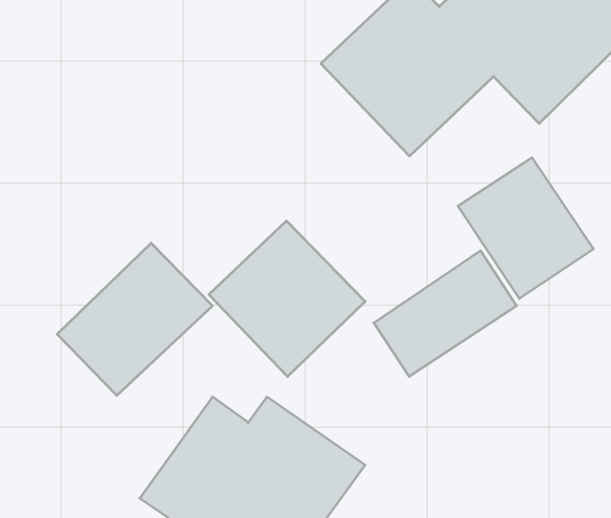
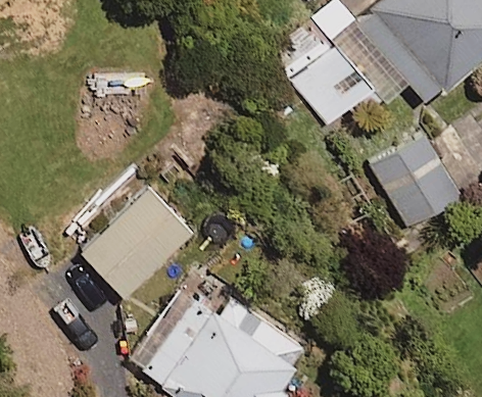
building: [209,221,365,377] -> none
building: [374,251,517,377] -> none

